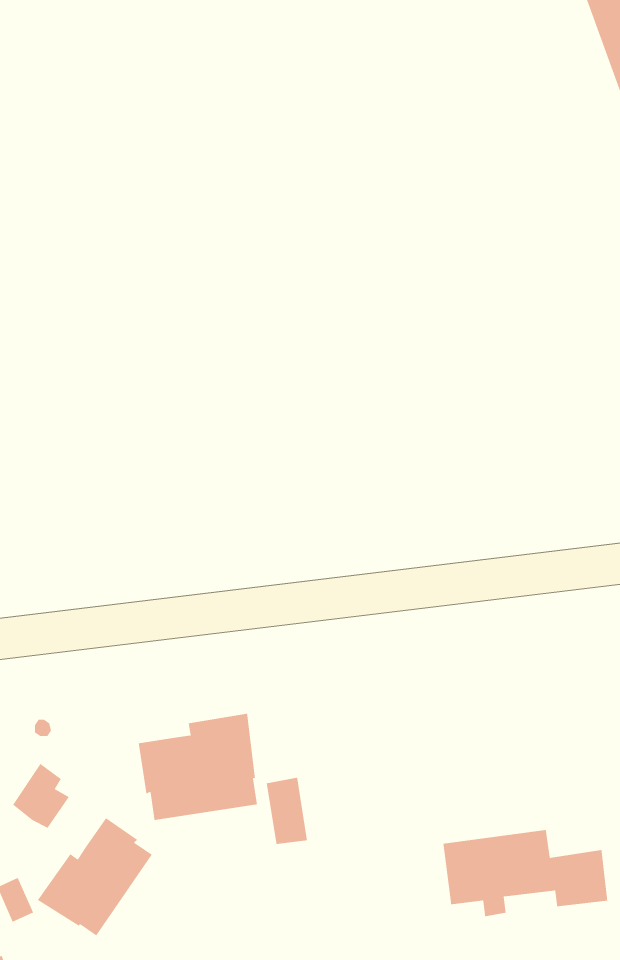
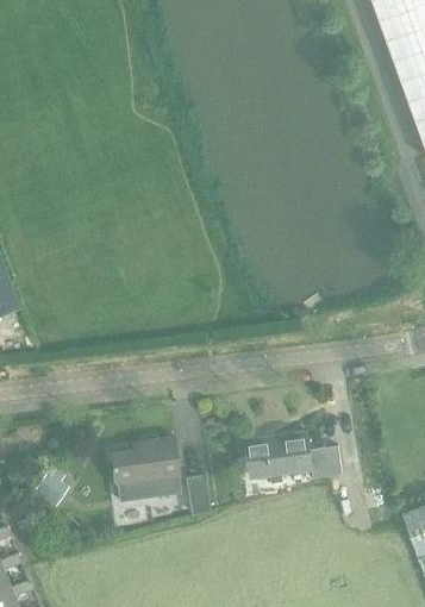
building: [37,817,153,936] -> none
building: [442,829,608,917] -> [246,432,345,484]

